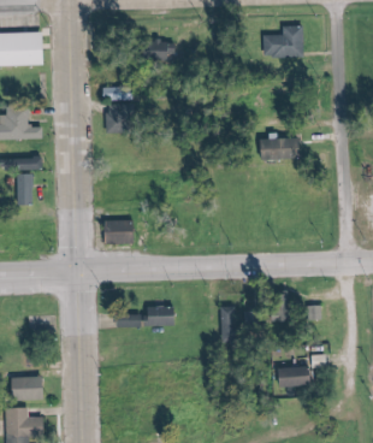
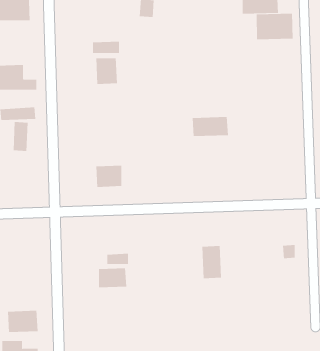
building: none -> [256,13,293,40]
building: [260,138,300,160] -> [192,117,229,137]
building: [144,306,176,327] -> [98,268,127,288]
building: [276,367,310,388] -> none

